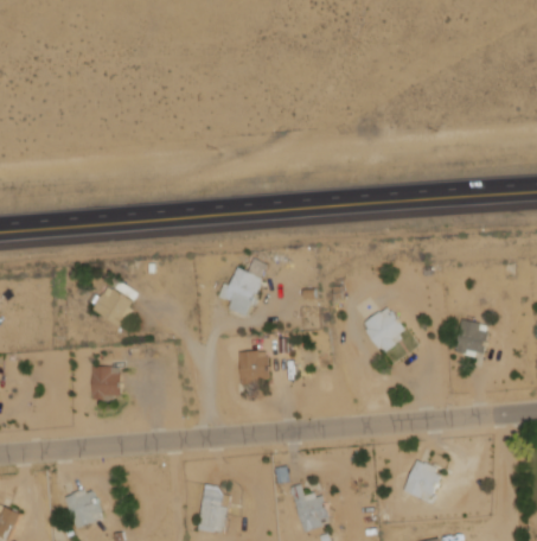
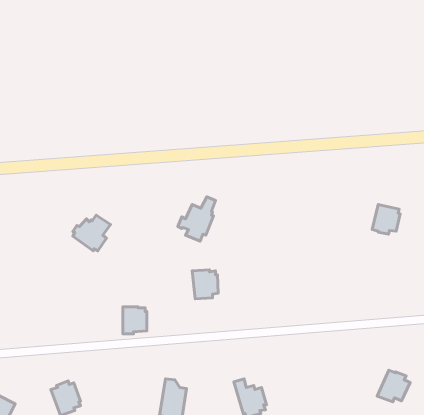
building: [363,307,404,352] -> none
building: [454,320,488,357] -> [372,204,400,234]
building: [91,367,121,400] -> [123,307,147,334]
building: [402,460,442,499] -> [377,370,410,402]

